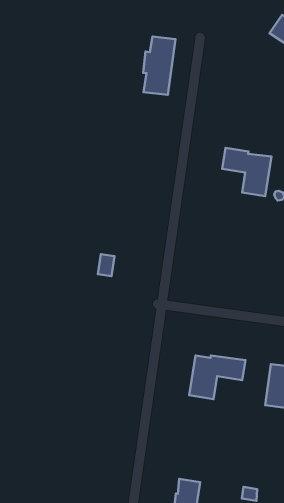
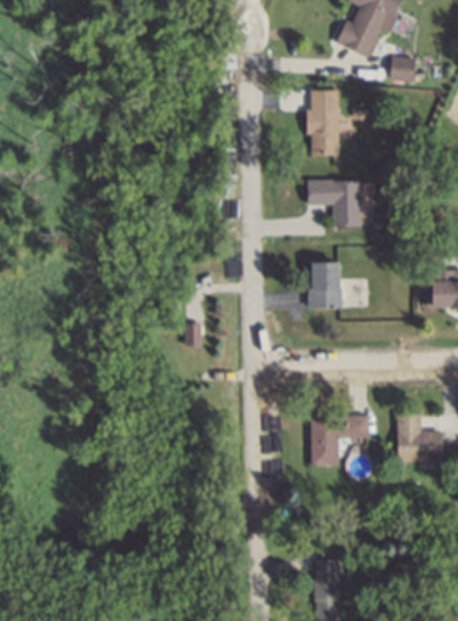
building: [143,36,176,95] -> [305,90,338,155]
building: none -> [308,262,342,307]

